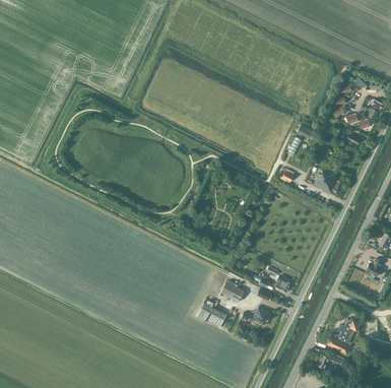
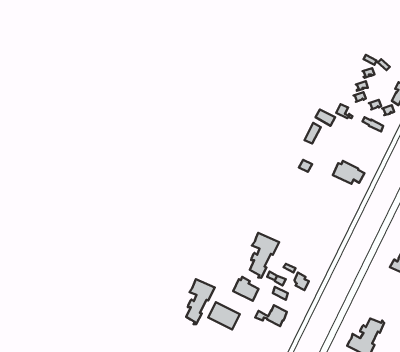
building: none -> [250,233,279,278]
building: none -> [186,279,215,324]

